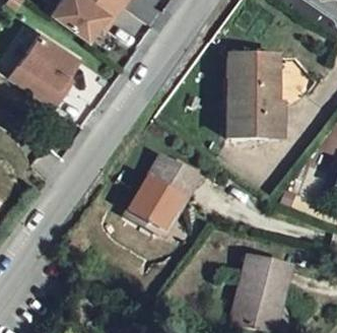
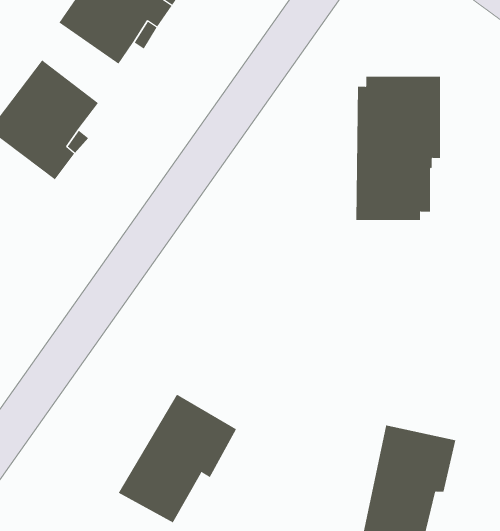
building: [128,157,200,236] -> [118,394,237,523]

